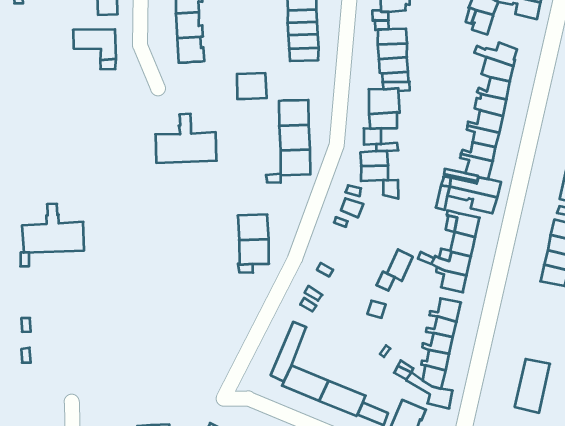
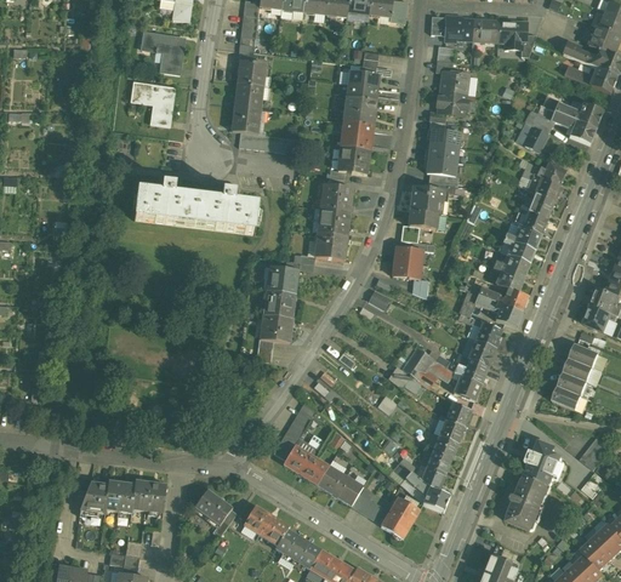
building: [237,73,267,99] -> [337,147,369,175]
building: none -> [266,266,298,293]
building: [22,204,84,253] -> [135,175,198,226]
building: none -> [525,441,562,485]

